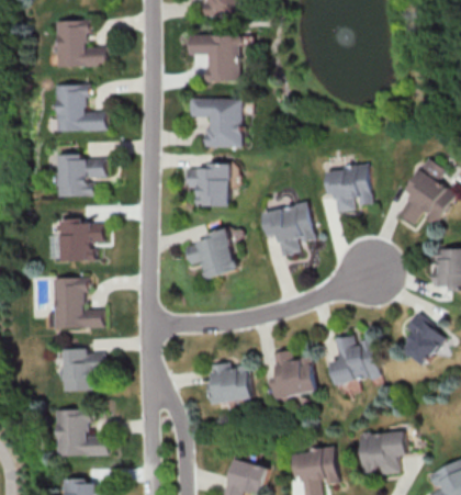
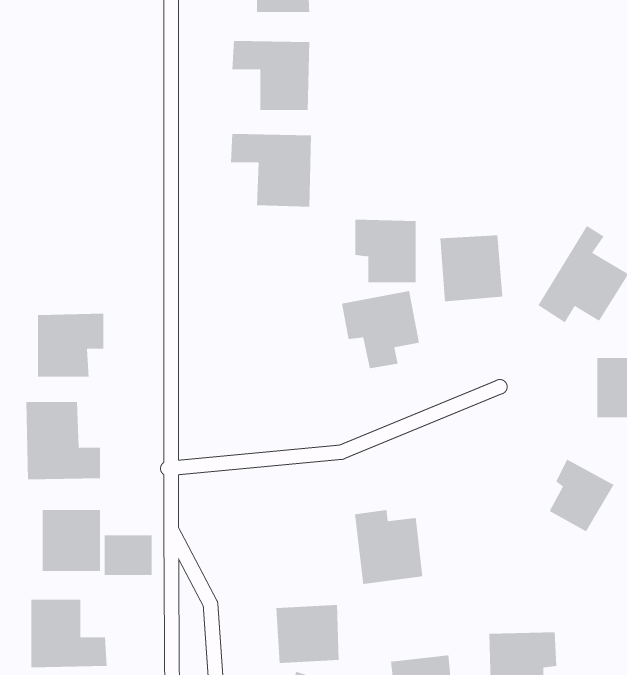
building: [54,21,105,68] -> none
building: [53,86,105,131] -> none
building: [56,156,103,196] -> none
building: [188,164,229,206] -> [354,219,417,283]
building: [185,230,238,279] -> none
building: [331,335,380,385] -> none
building: [209,363,251,403] -> [276,605,339,663]
building: none -> [104,535,152,576]

